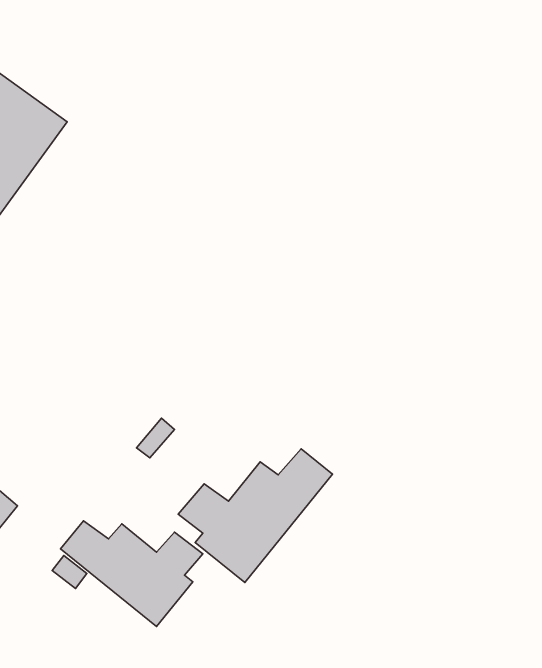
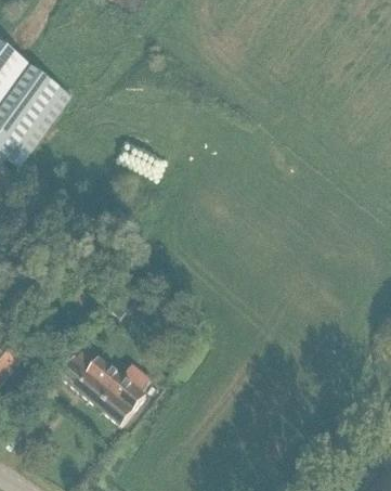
building: [178,449,333,583] -> none

